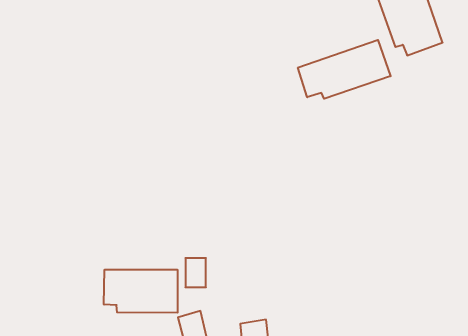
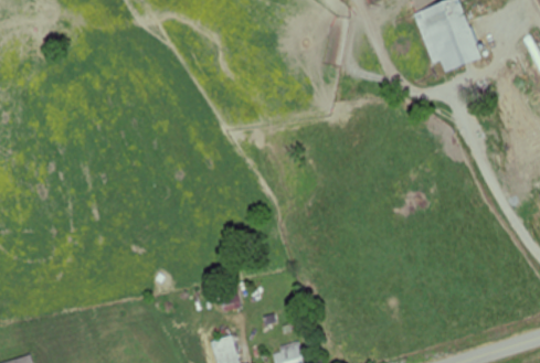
building: [298,40,391,99] -> none
building: [104,270,178,313] -> none

